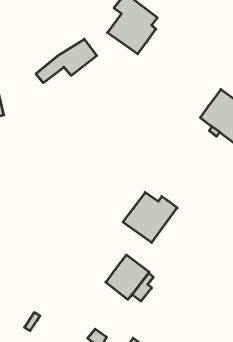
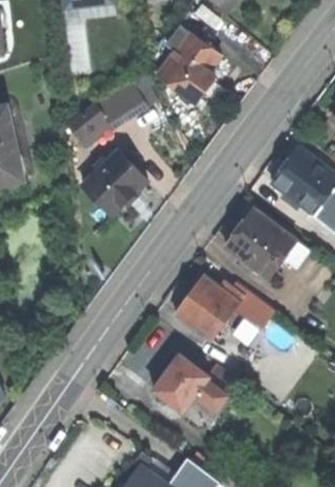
building: none -> [82,151,146,214]
building: none -> [225,208,297,277]
building: none -> [232,279,275,327]

